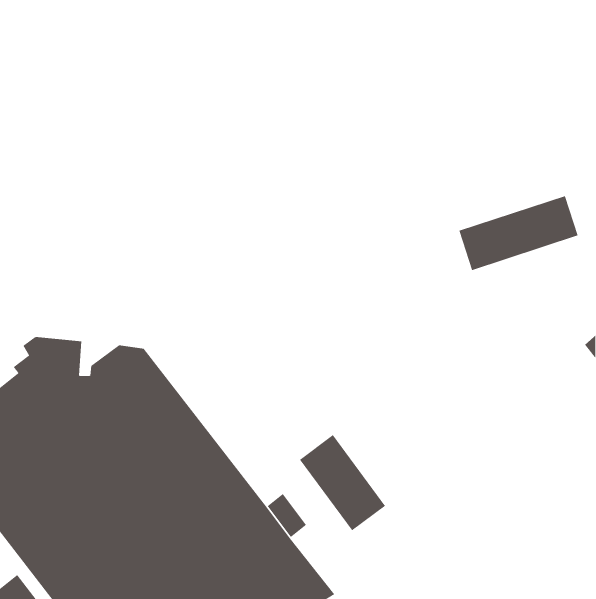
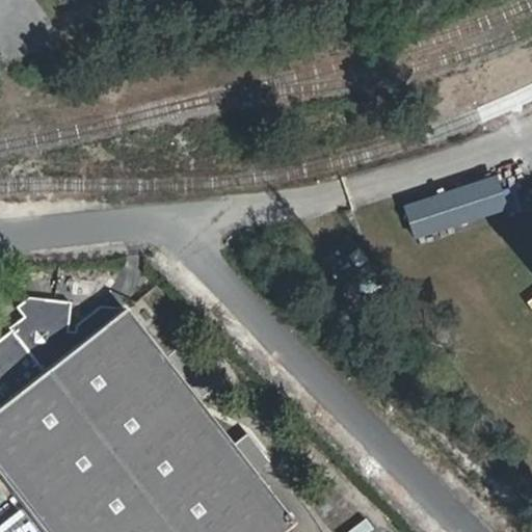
building: [299,434,386,531] -> none

